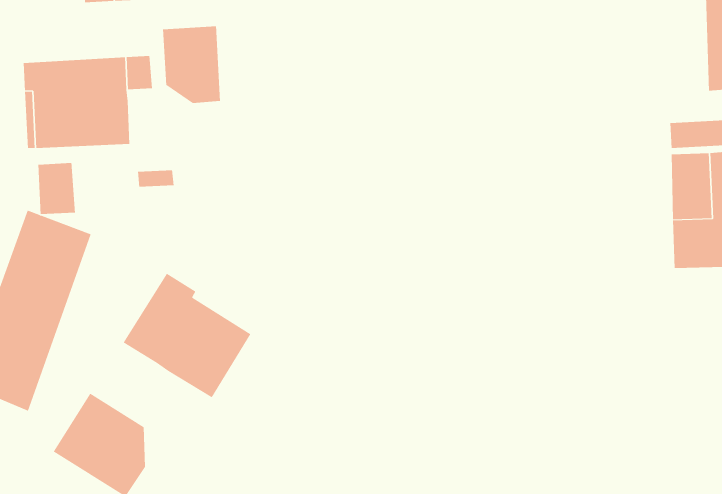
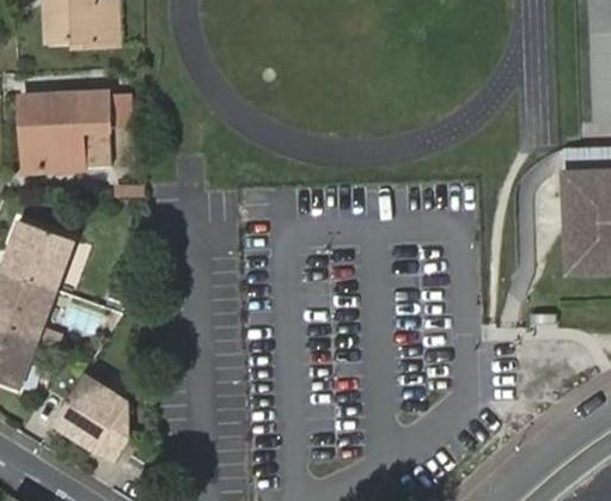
building: [163,26,220,104] -> none
building: [38,162,75,215] -> none
building: [123,273,251,398] -> none

